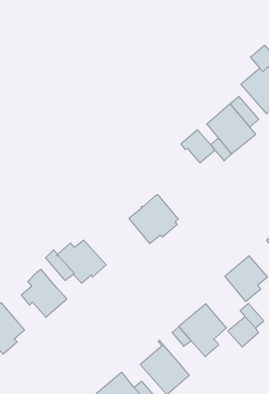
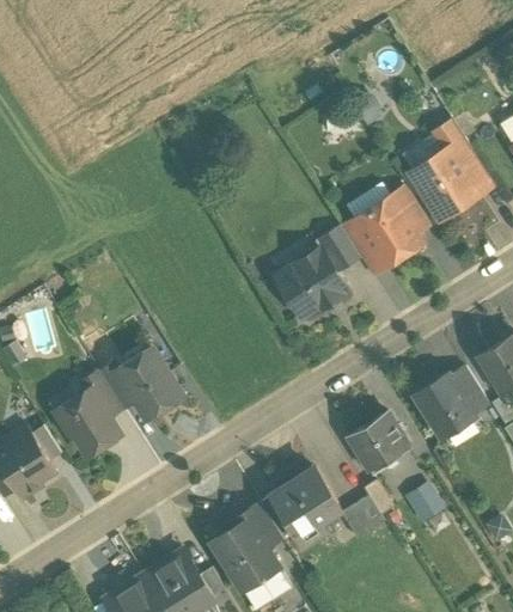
building: [129,195,178,243] -> [276,249,346,316]
building: none -> [79,373,122,417]
building: none -> [243,502,282,550]

